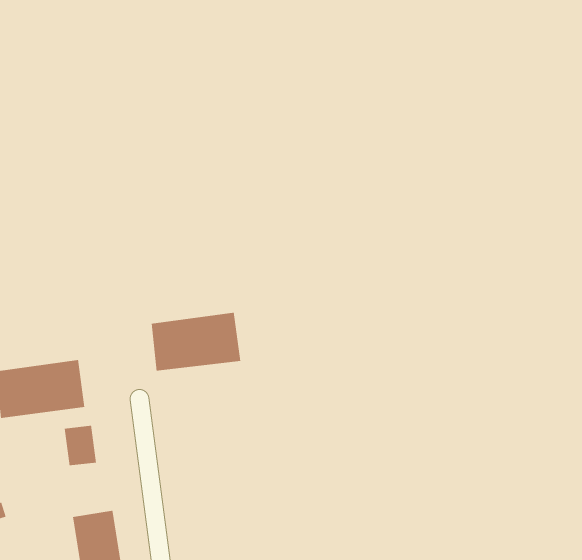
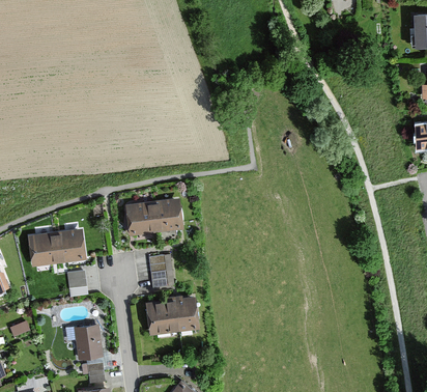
building: none -> [151,254,170,287]
building: none -> [143,297,200,334]

